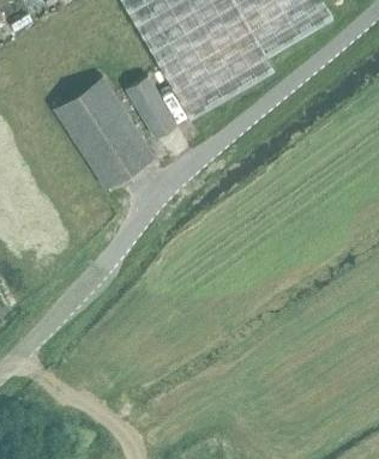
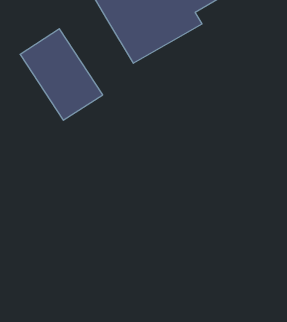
building: [126,74,176,135] -> none

